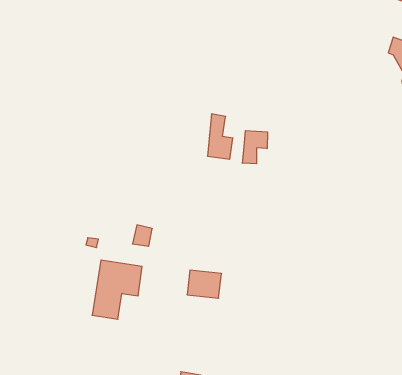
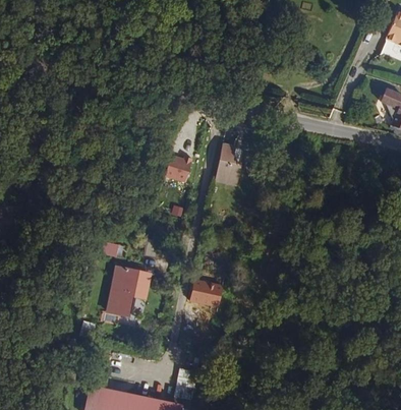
building: none -> [163,153,192,183]
building: [242,131,267,164] -> none

